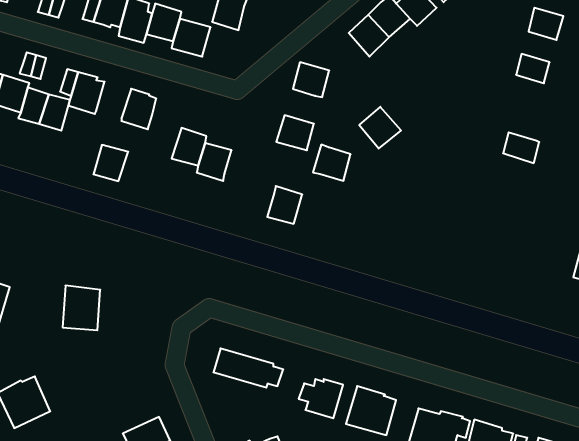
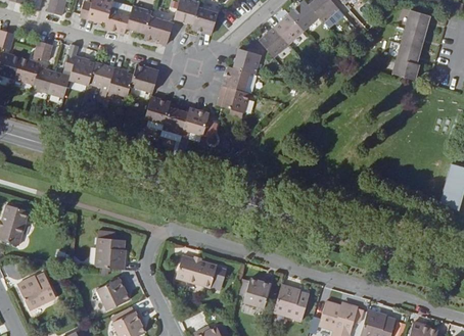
building: none -> [192,6,219,34]
building: none -> [402,25,427,47]
building: none -> [131,63,159,92]
building: [359,107,401,149] -> [260,26,290,56]
building: [503,132,539,163] -> [393,56,420,79]
building: [313,145,351,181] -> [223,64,250,91]
building: [93,145,128,181] -> [90,61,115,88]
building: [267,186,302,224] -> [184,106,210,134]
building: [63,286,100,330] -> [97,239,125,272]
building: none -> [91,280,126,315]

